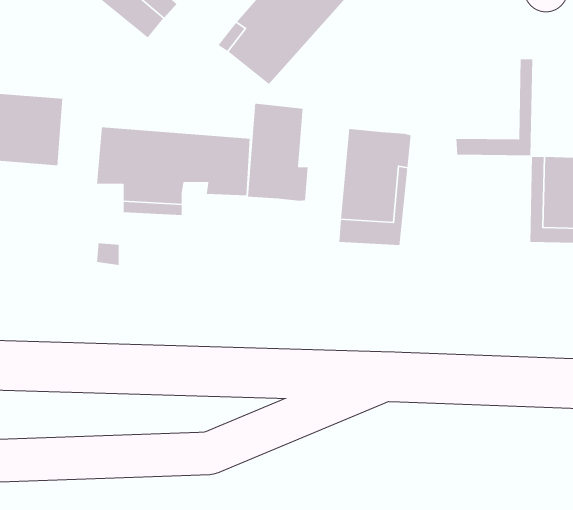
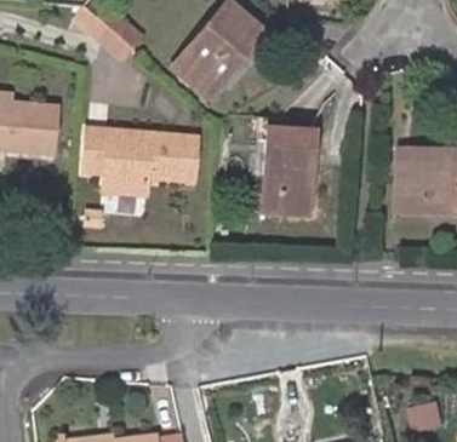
building: [455,58,533,156] -> none
building: [247,103,308,201] -> none

